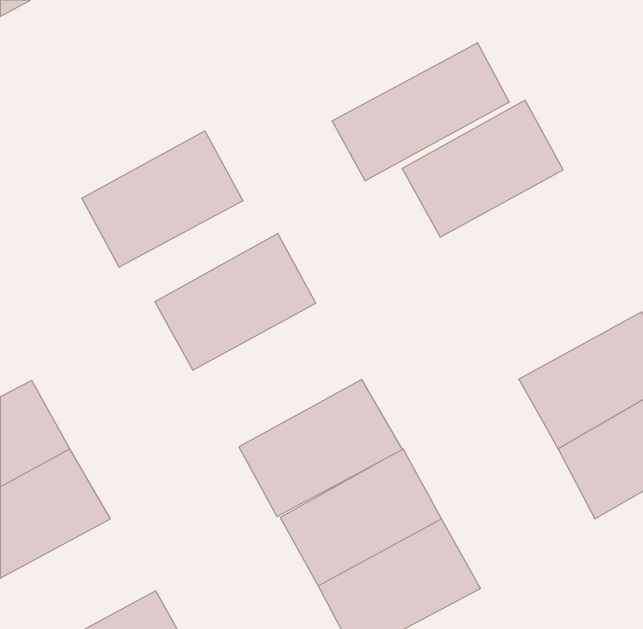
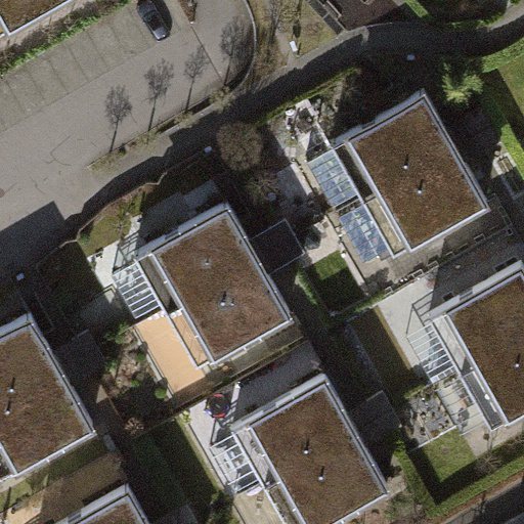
building: [332,43,509,181] -> none
building: [82,131,243,267] -> none
building: none -> [359,152,491,263]
building: [239,380,402,517] -> [160,260,292,370]

